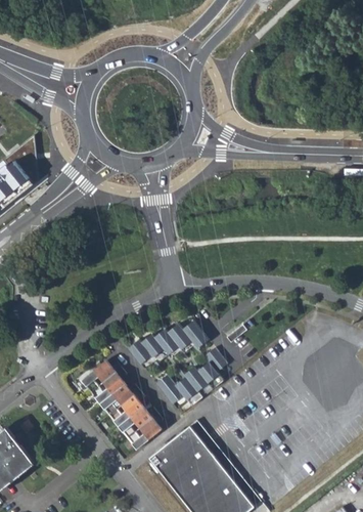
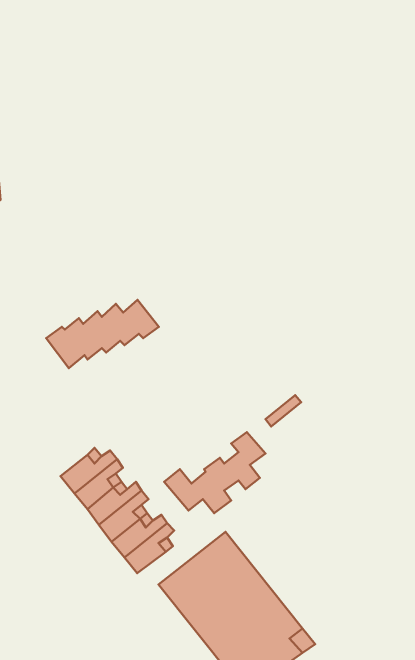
building: [127,319,208,369] -> [46,300,159,368]

